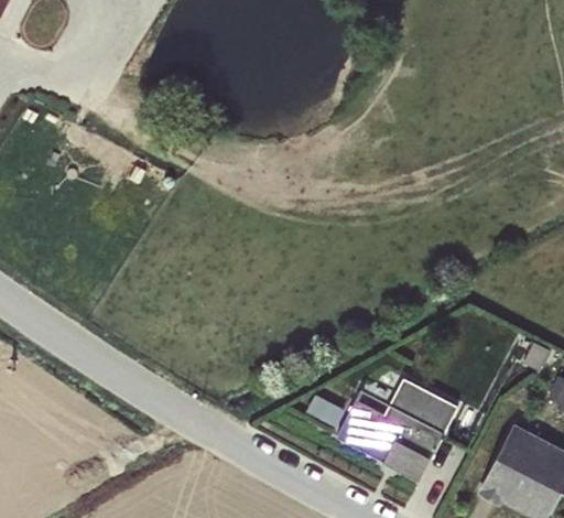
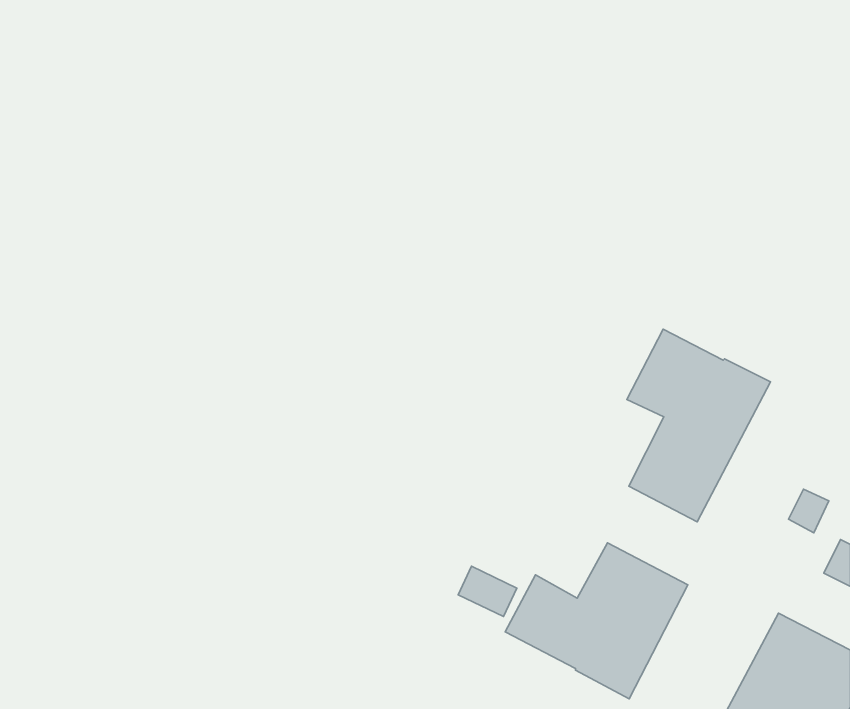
building: none -> [627,329,771,522]

